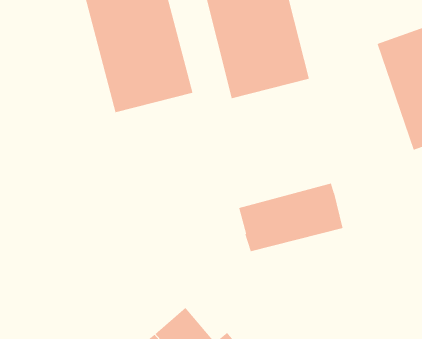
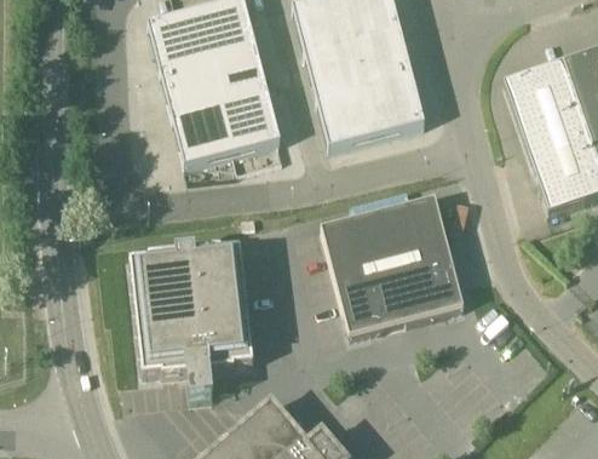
building: none -> [321,197,449,282]
building: none -> [130,246,253,401]

